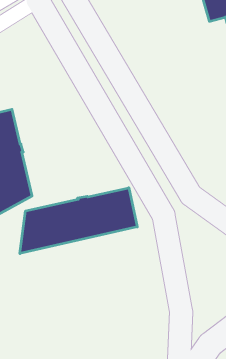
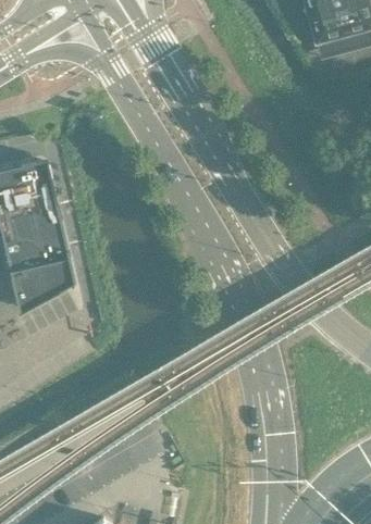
building: [20,188,137,254] -> none

